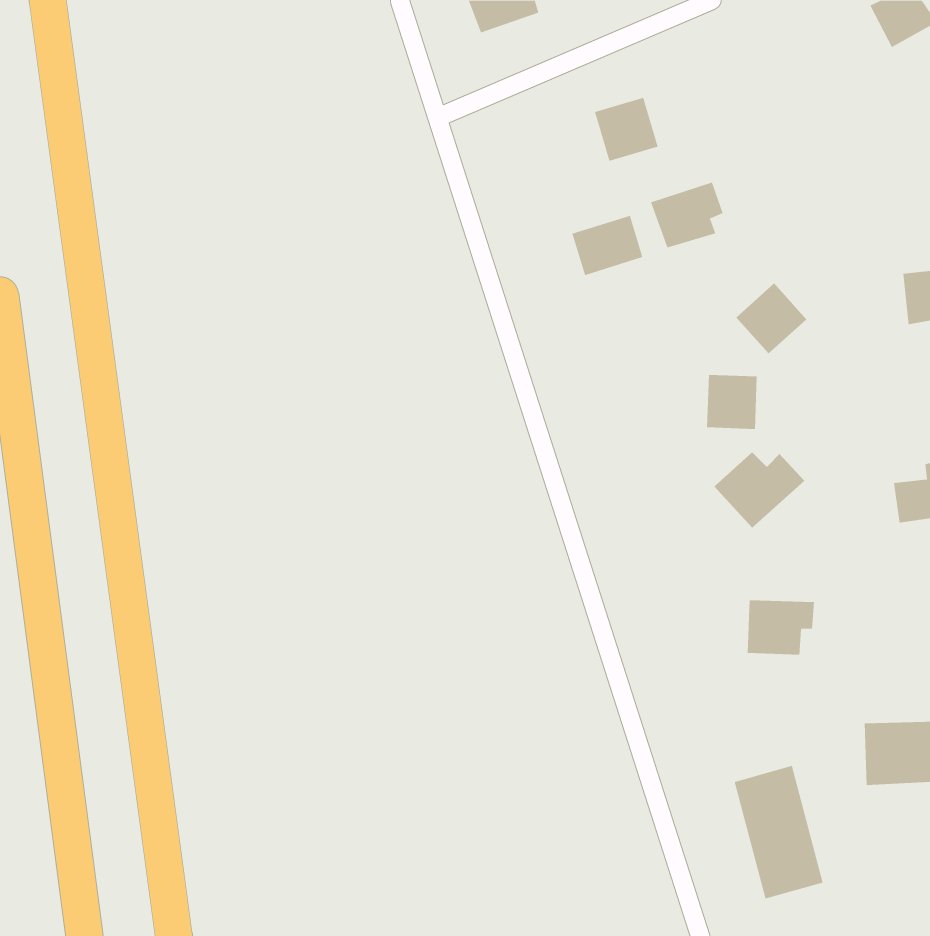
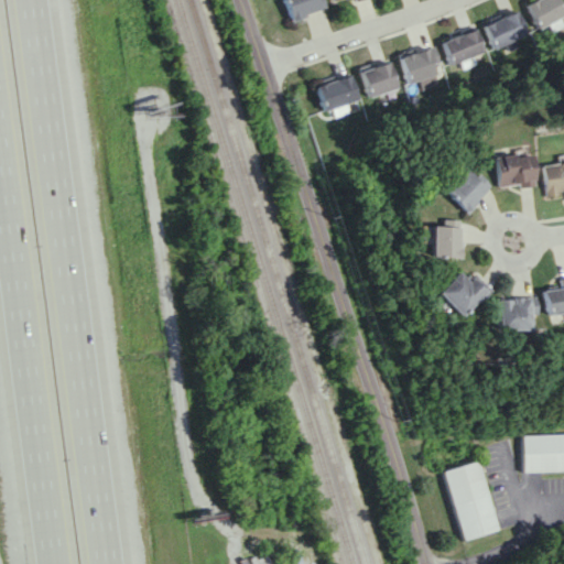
building: none -> [485,12,528,47]
building: none -> [444,30,484,63]
building: [650,182,724,248] -> [399,44,443,84]
building: [572,215,643,276] -> [317,75,360,111]
building: none -> [497,153,540,188]
building: [747,600,815,655] -> [494,297,534,330]

